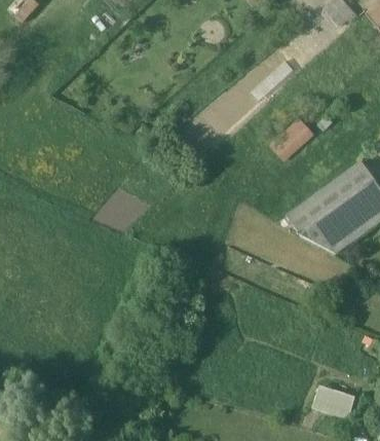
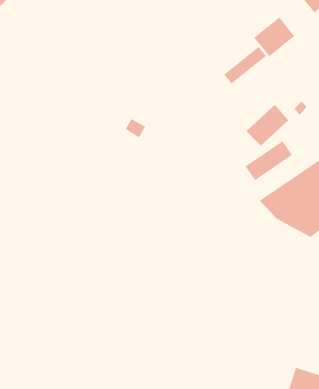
building: none -> [253,17,295,57]
building: none -> [244,140,293,181]

